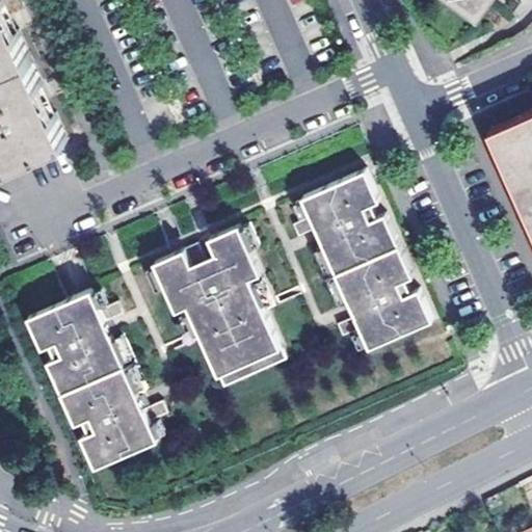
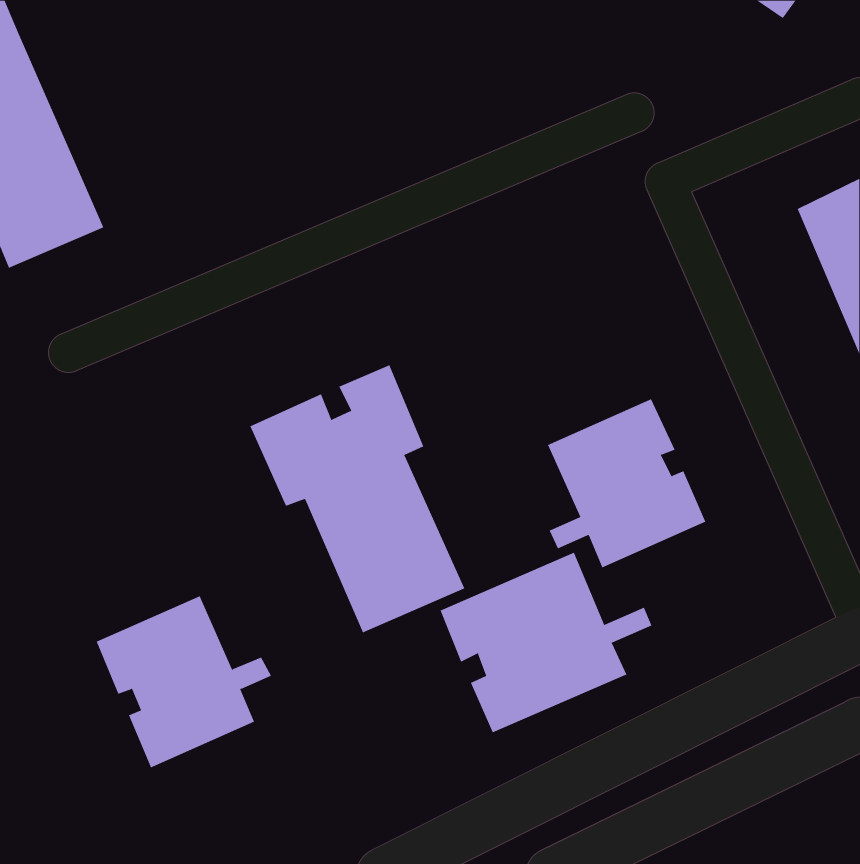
building: [290,171,396,276] -> none
building: [25,293,122,396] -> none
building: none -> [440,552,652,733]

